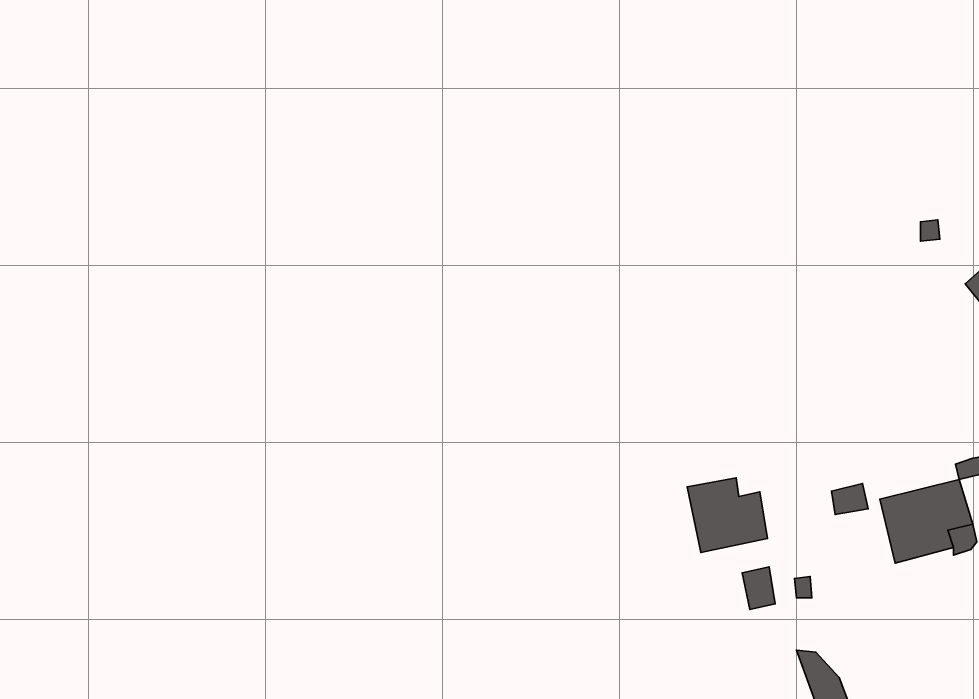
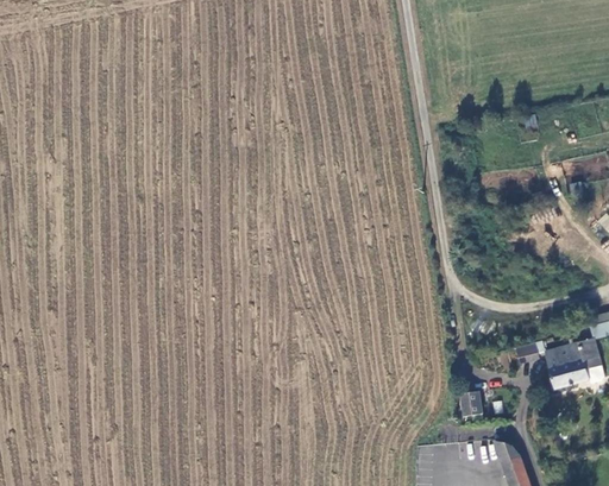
building: [687,478,767,552] -> none

